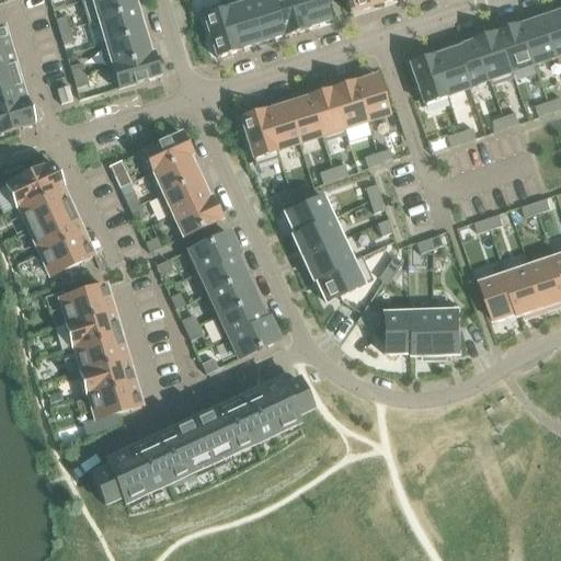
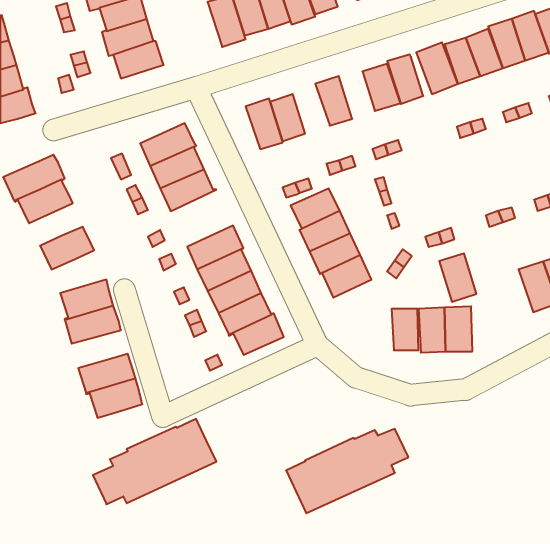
building: [332,78,367,126] -> [387,54,423,104]
building: [288,94,322,140] -> none
building: [173,195,222,236] -> none
building: [30,208,82,250] -> none
building: [483,273,519,320] -> [439,253,476,302]
building: [71,332,126,369] -> none
building: [193,378,312,460] -> [286,429,408,513]

